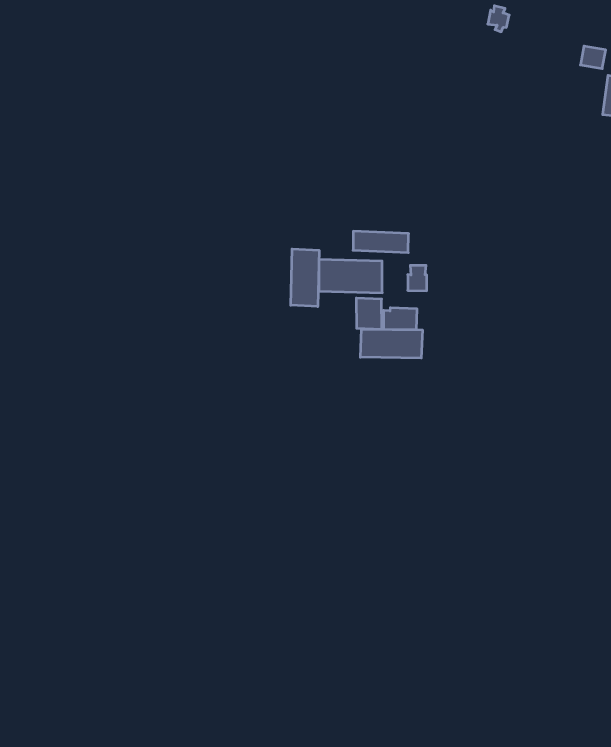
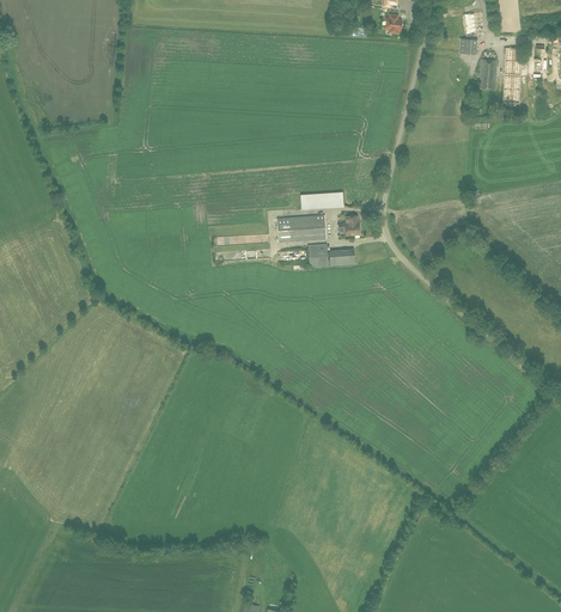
building: [291,249,319,307] -> none
building: [360,329,422,358] -> none

